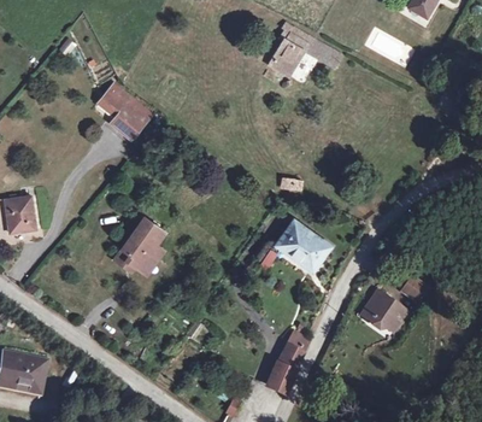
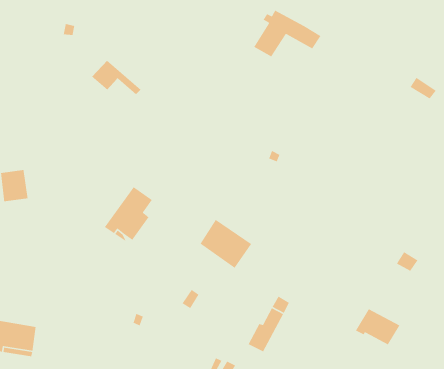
building: [111,101,146,135] -> none
building: [274,217,329,270] -> [200,219,252,269]
building: [368,292,416,332] -> [355,308,401,346]

